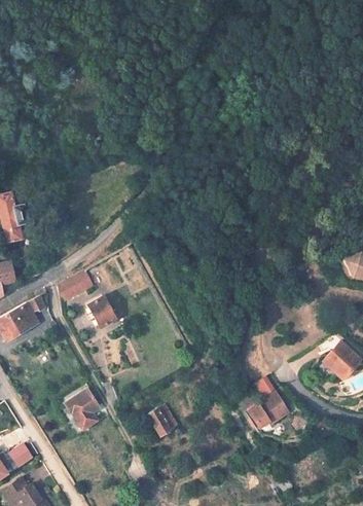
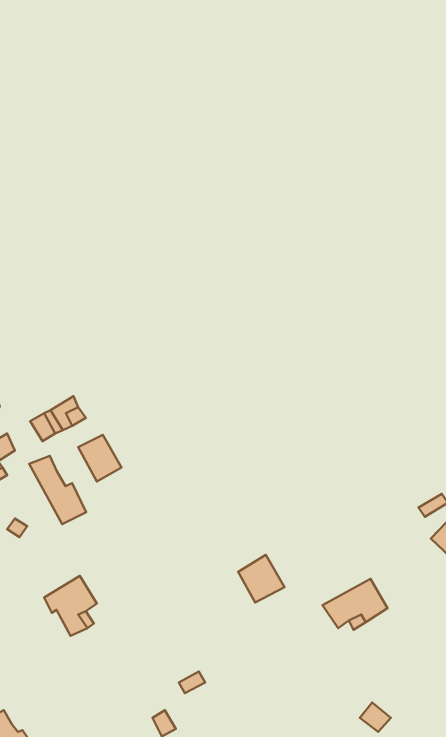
building: none -> [29,456,86,524]
building: [144,403,175,435] -> [238,555,284,603]

